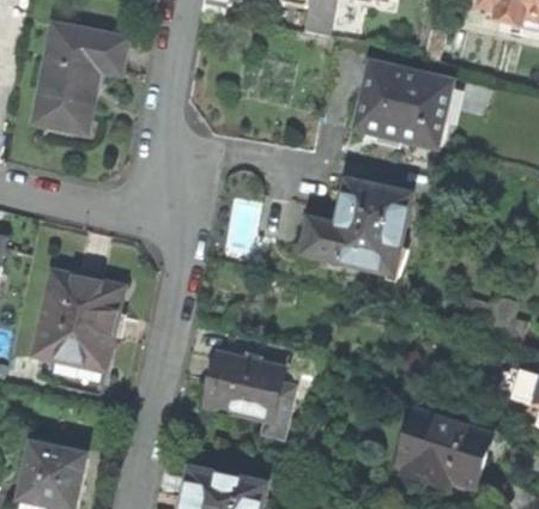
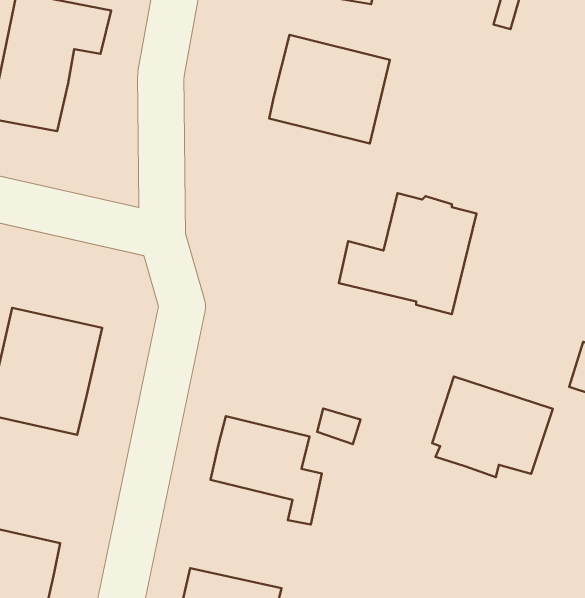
building: [357,60,450,144] -> [269,35,390,143]
building: [395,408,489,486] -> [432,376,553,477]

